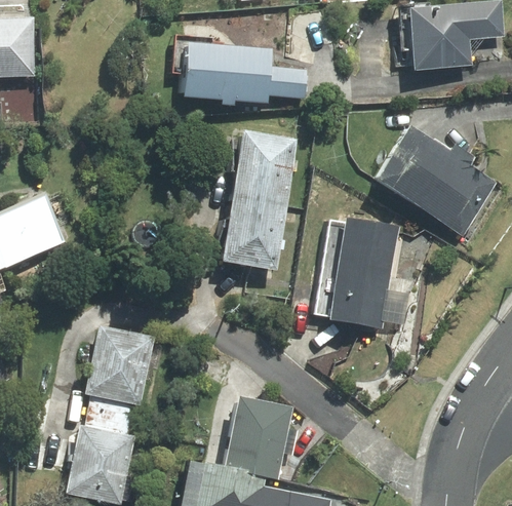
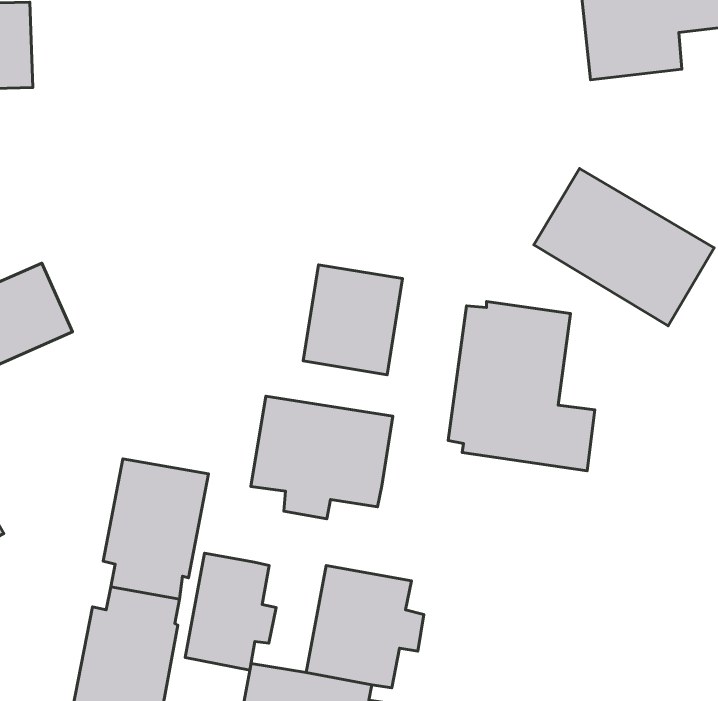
building: [173,34,309,105] -> none
building: [230,131,296,203] -> none
building: none -> [251,396,393,519]
building: none -> [185,553,276,670]

